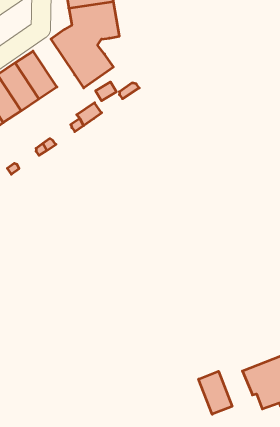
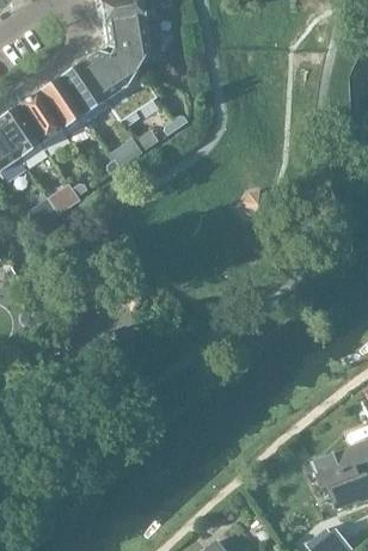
building: none -> [60,61,110,118]
building: [199,371,232,414] -> none

